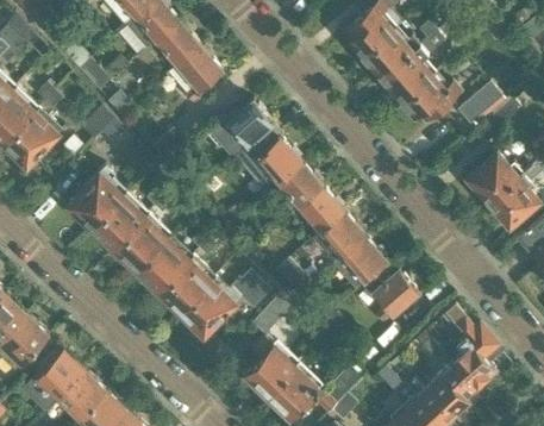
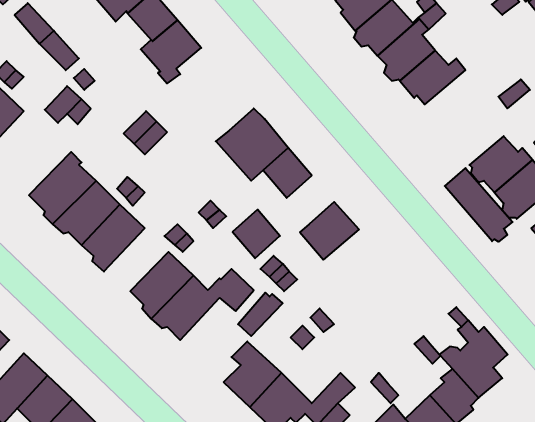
building: [458,83,504,125] -> none
building: [218,101,275,148] -> none
building: none -> [445,168,513,242]
building: [301,188,344,232] -> [233,210,280,258]
building: [136,236,194,293] -> none
building: [334,237,388,290] -> none
building: [374,270,420,339] -> none

